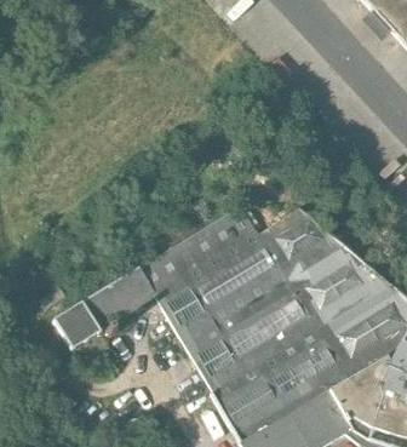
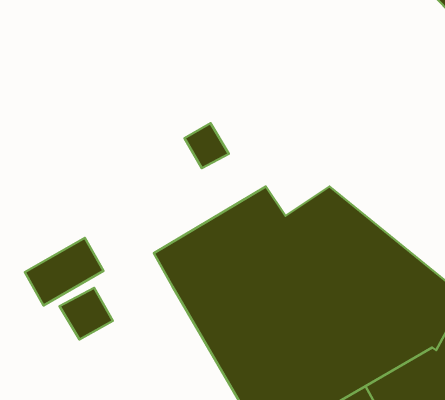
building: none -> [184,123,229,168]
building: [86,270,157,332] -> [25,238,103,306]

